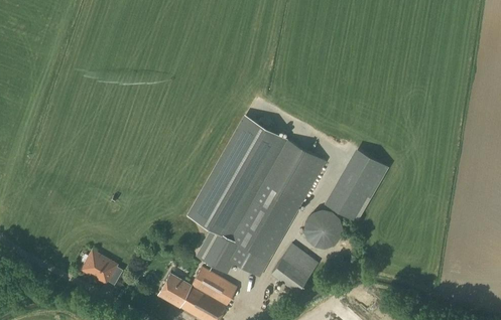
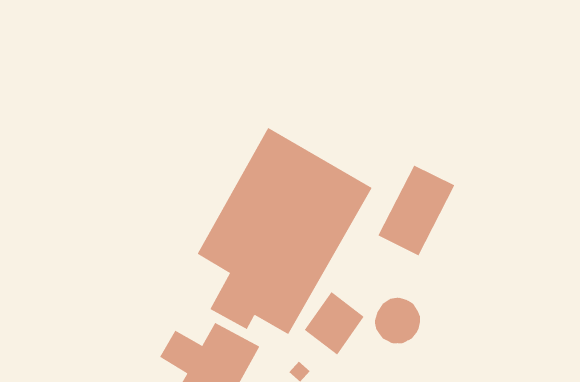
building: [304,210,341,247] -> [374,297,421,344]
building: [83,253,116,284] -> none

